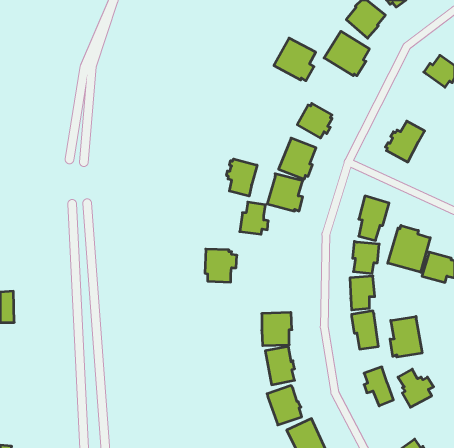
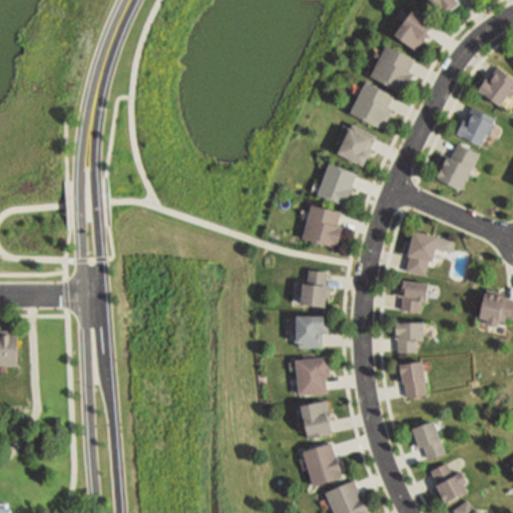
building: [274,38,316,81] -> [348,81,395,129]
building: none -> [456,113,495,143]
building: [227,159,257,196] -> none
building: [240,202,268,234] -> [299,270,331,306]
building: [388,225,430,272] -> none
building: [205,249,237,282] -> [294,314,330,351]
building: [390,316,422,357] -> none
building: [398,369,434,407] -> [428,463,468,506]

